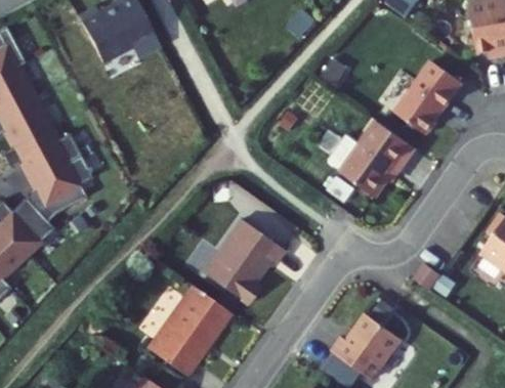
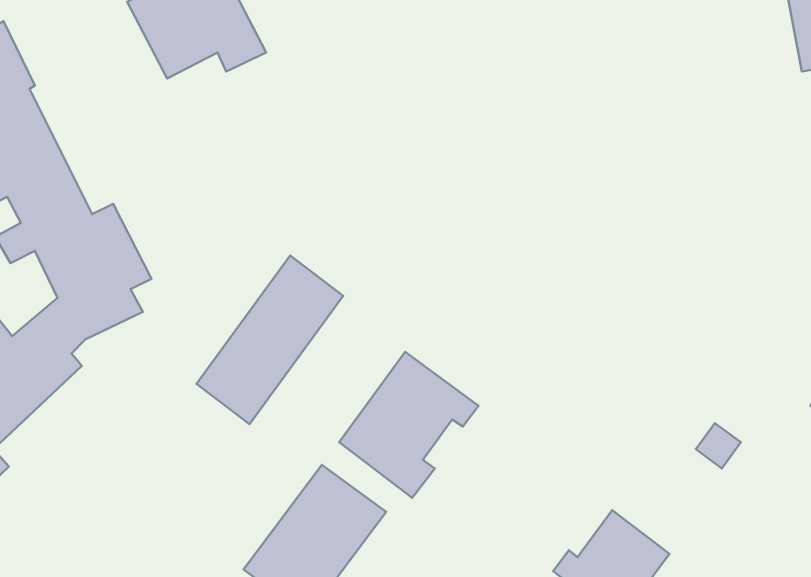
building: [392,58,459,132] -> none
building: [325,119,414,196] -> none
building: none -> [196,256,343,424]

